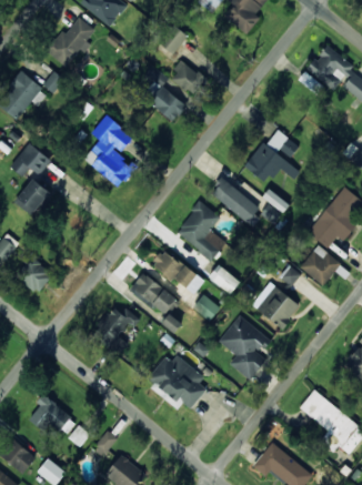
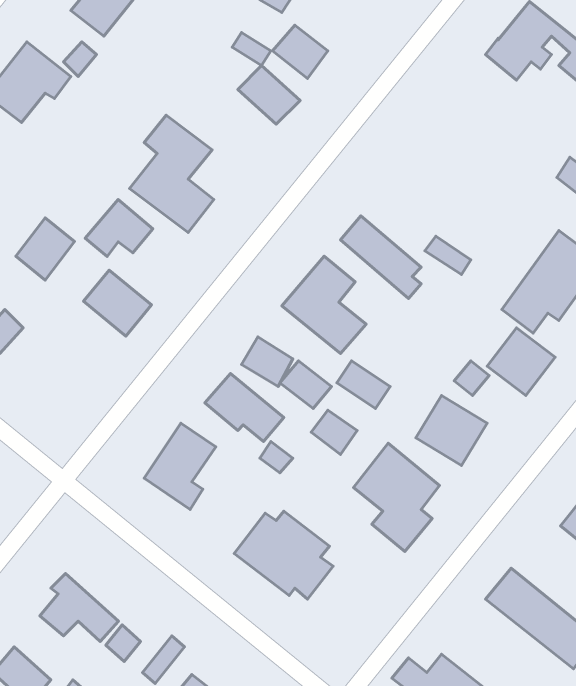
building: [245,128,301,183] -> none
building: [10,142,51,176] -> [85,200,153,256]
building: [12,253,53,293] -> [84,270,151,336]

